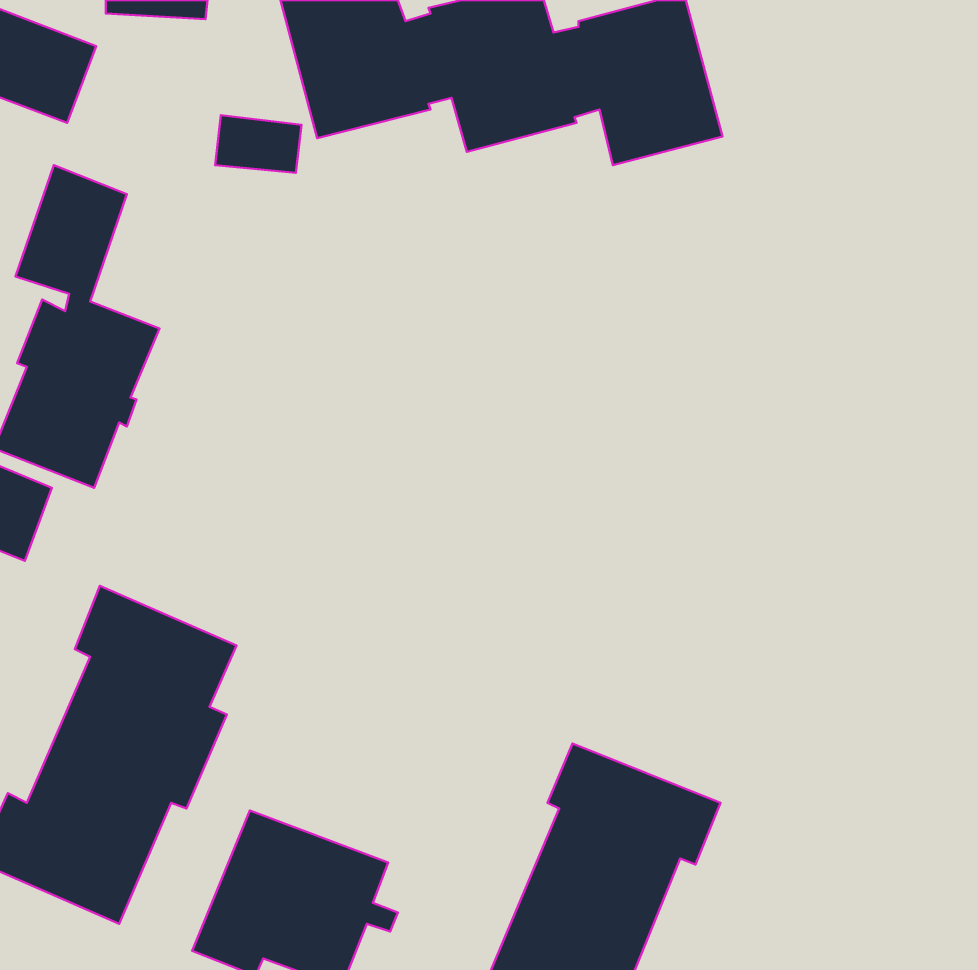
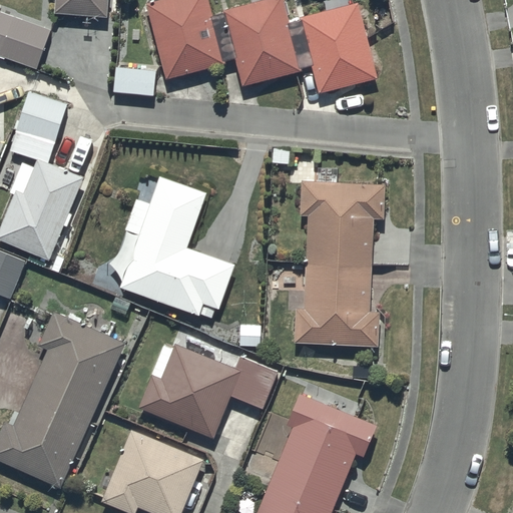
building: none -> [120,175,235,319]
building: none -> [295,181,385,346]
building: none -> [139,344,278,438]

